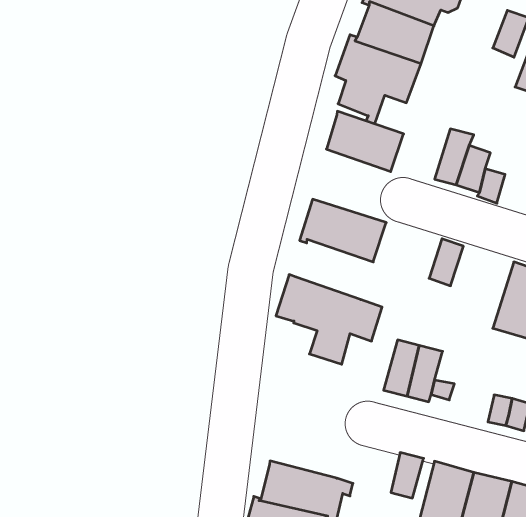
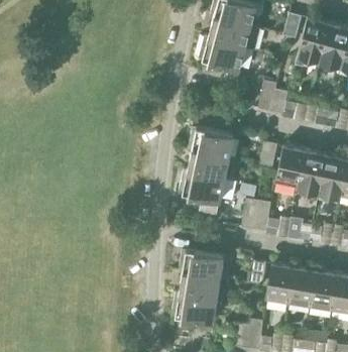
building: [326,111,404,172] -> [189,149,230,180]
building: none -> [276,146,307,189]
building: none -> [180,250,225,278]

